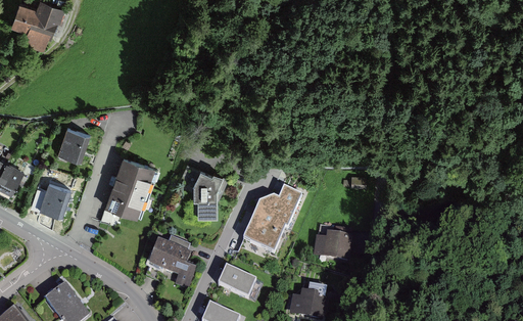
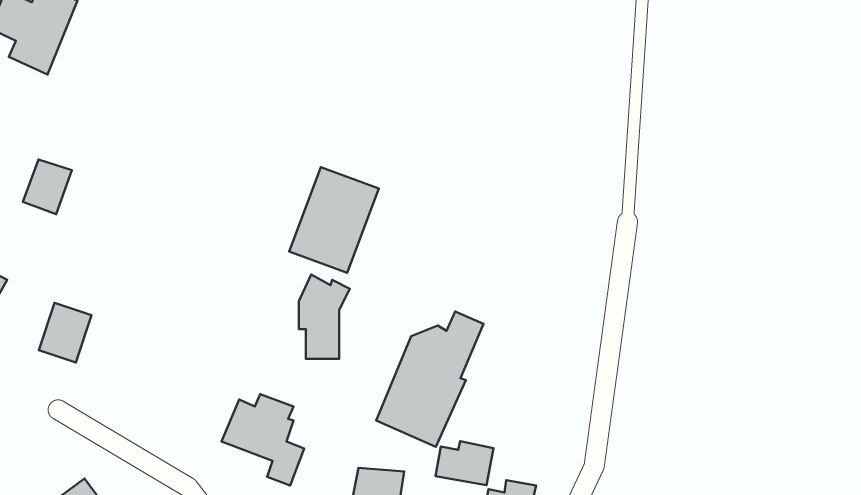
building: [58,127,87,158] -> [23,160,72,214]
building: [104,155,156,217] -> [289,167,379,273]
building: [314,233,347,259] -> [435,441,493,485]

